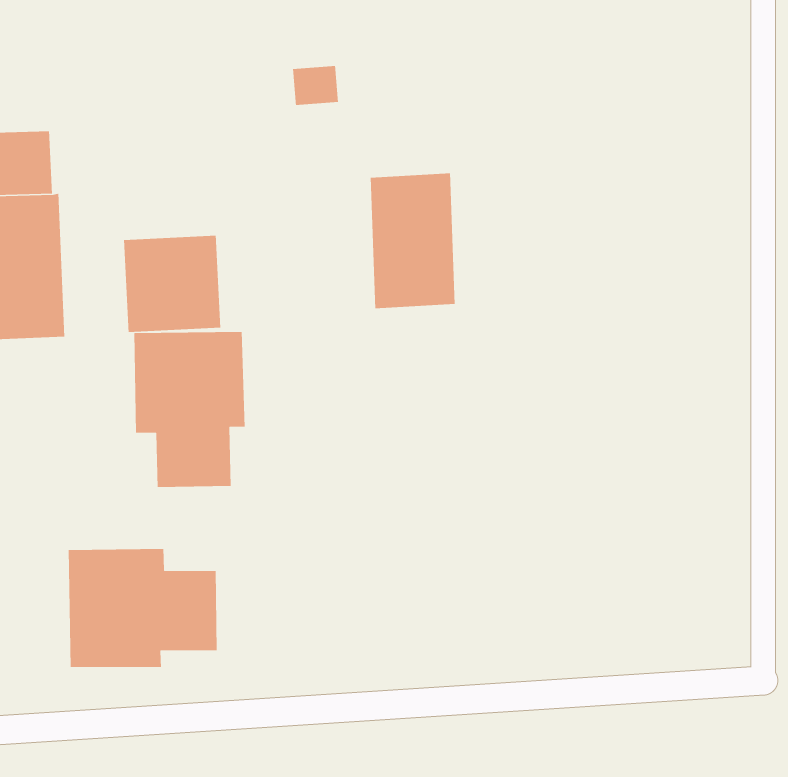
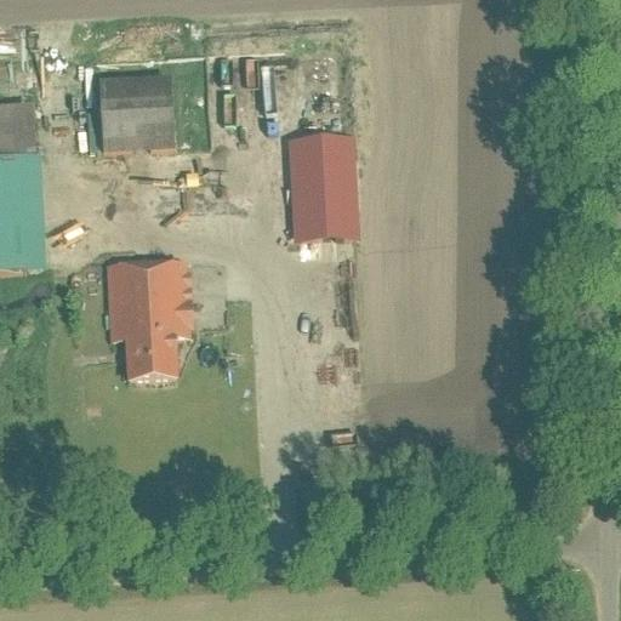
building: [123,235,221,333] -> [96,78,172,154]
building: [68,548,217,668] -> none

